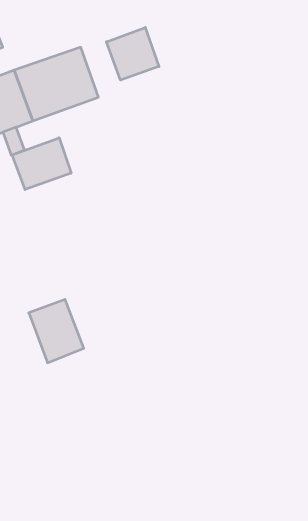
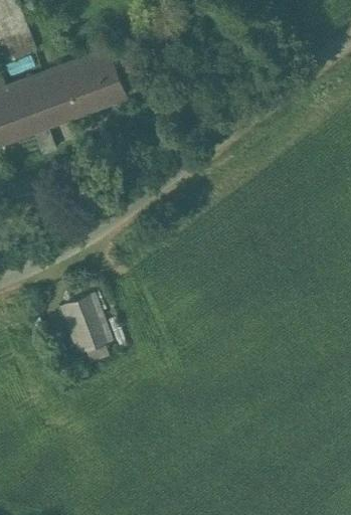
building: [106,27,159,80] -> none
building: [12,138,71,190] -> none

